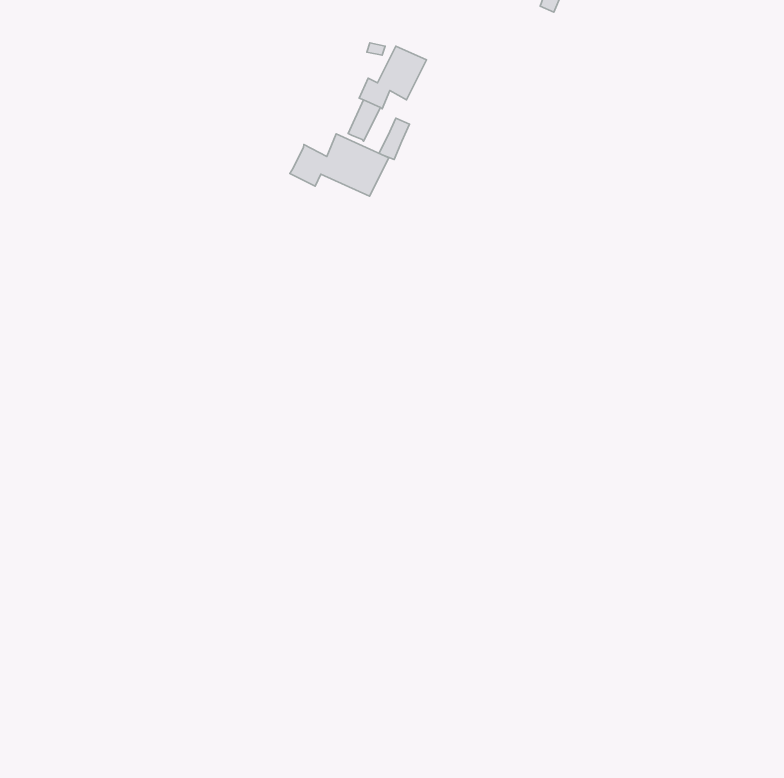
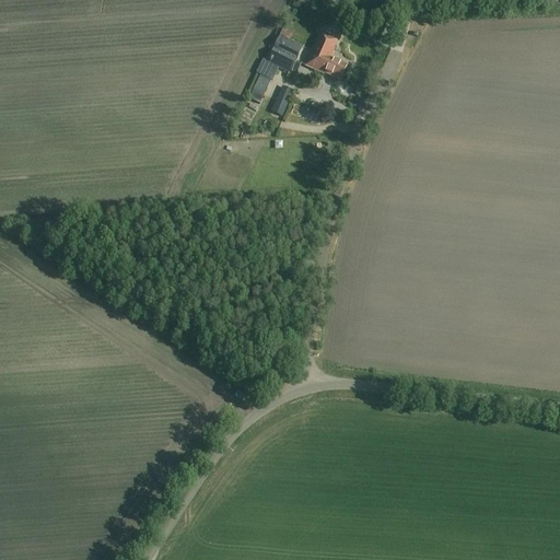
building: none -> [306,27,348,77]
building: [290,134,389,196] -> none

